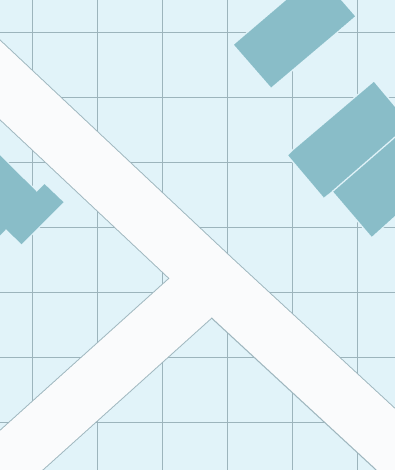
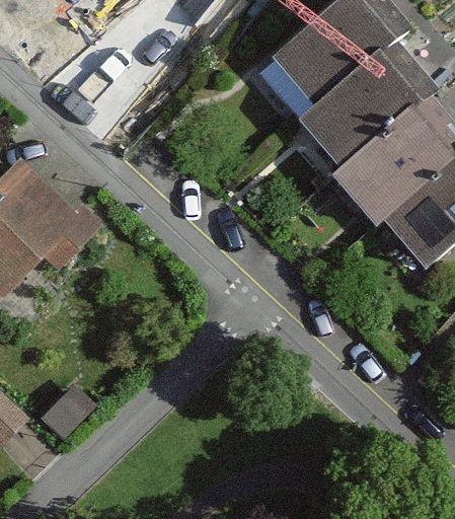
building: none -> [301,41,437,169]

